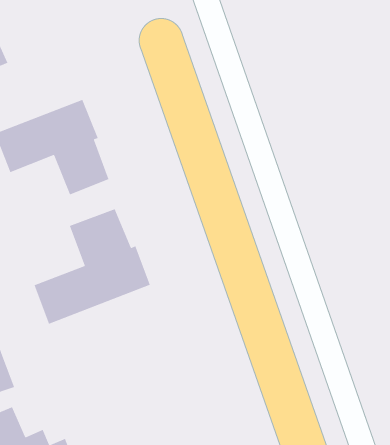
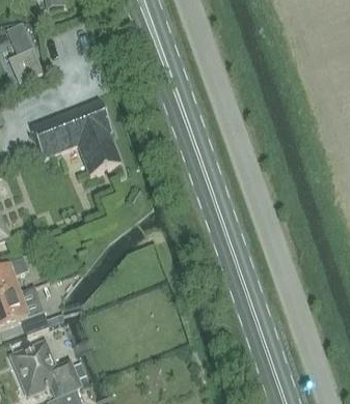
building: [33,208,151,325] -> none

